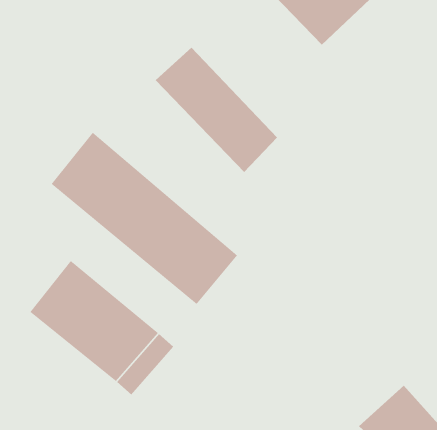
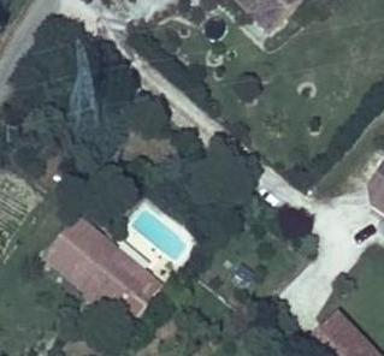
building: [155,47,278,173] -> none
building: [51,132,238,305] -> none

